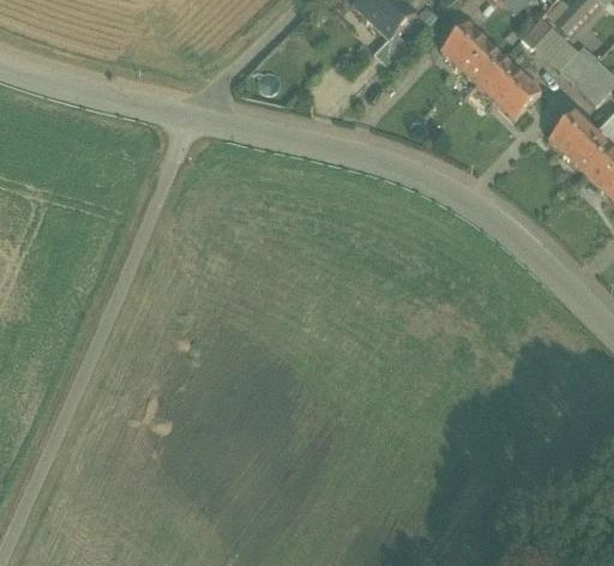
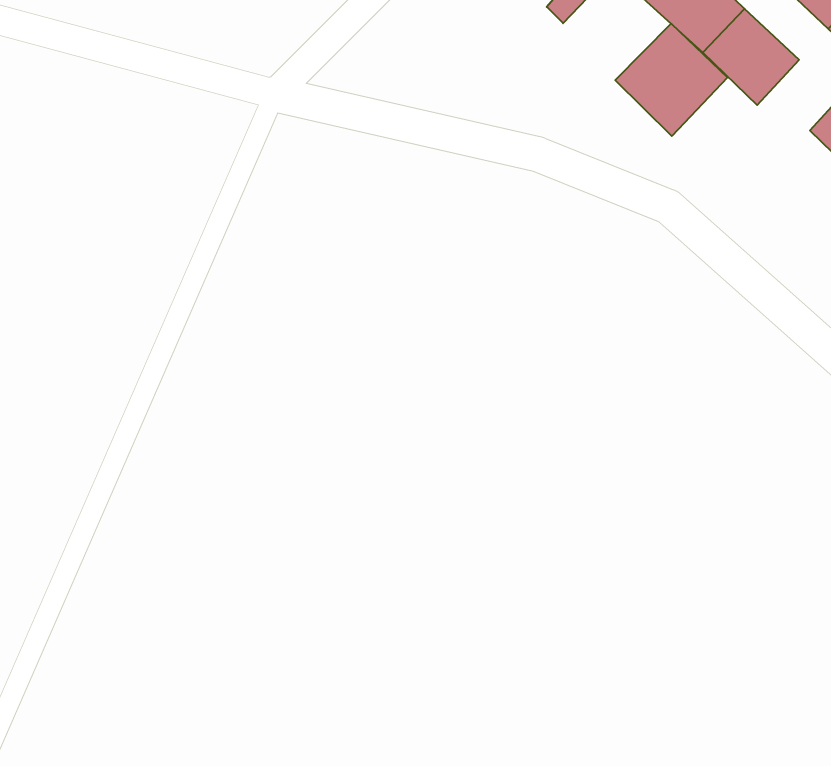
building: none -> [615,24,727,136]

